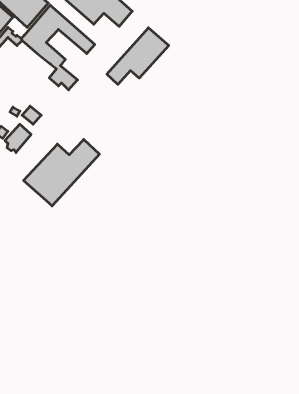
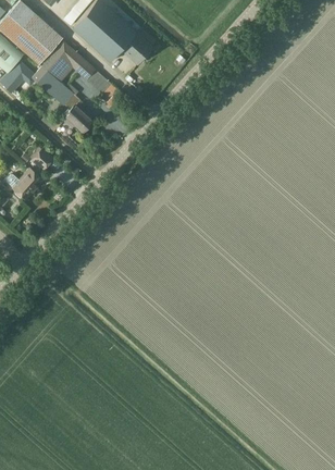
building: [107,28,169,84] -> none
building: [24,139,99,206] -> none

